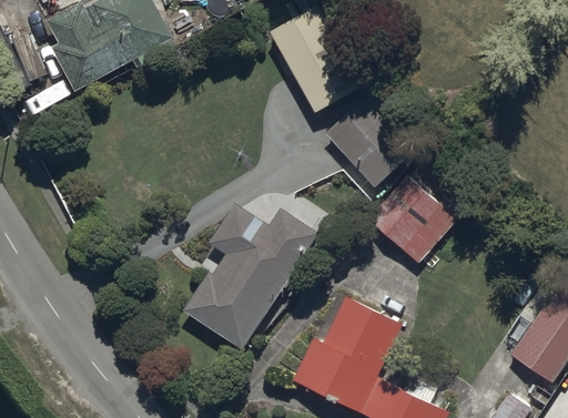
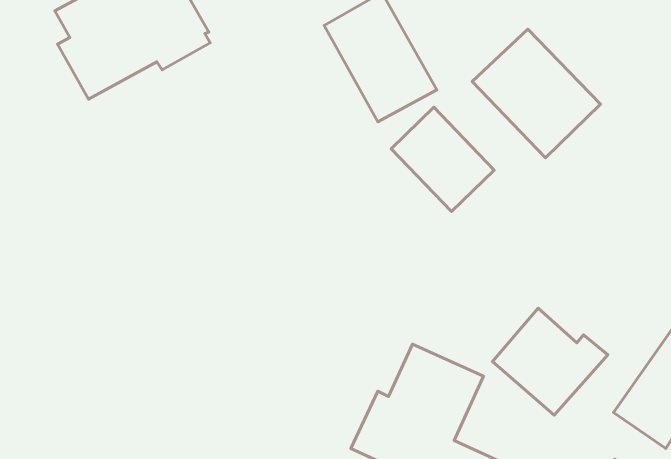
building: none -> [472,29,600,158]
building: [368,174,464,263] -> [493,308,608,415]
building: [183,195,327,350] -> none

